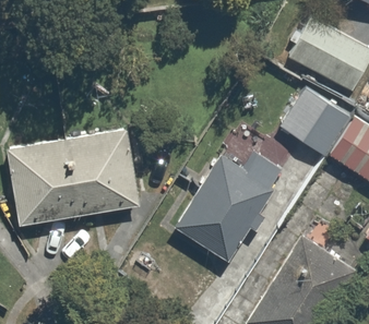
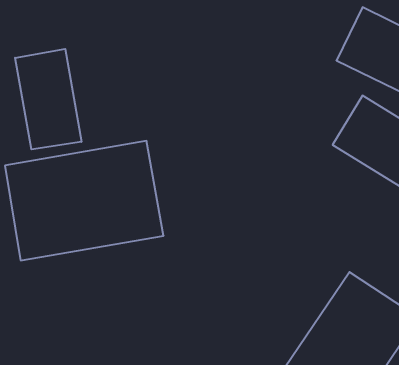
building: none -> [15,49,81,149]
building: [176,129,291,263] -> none

